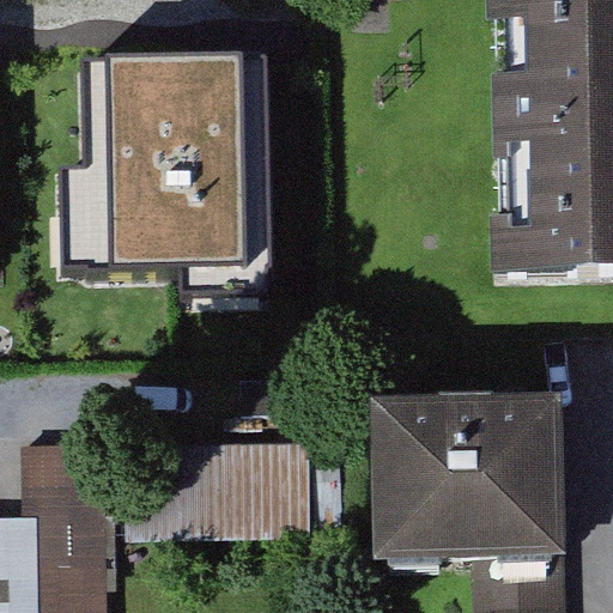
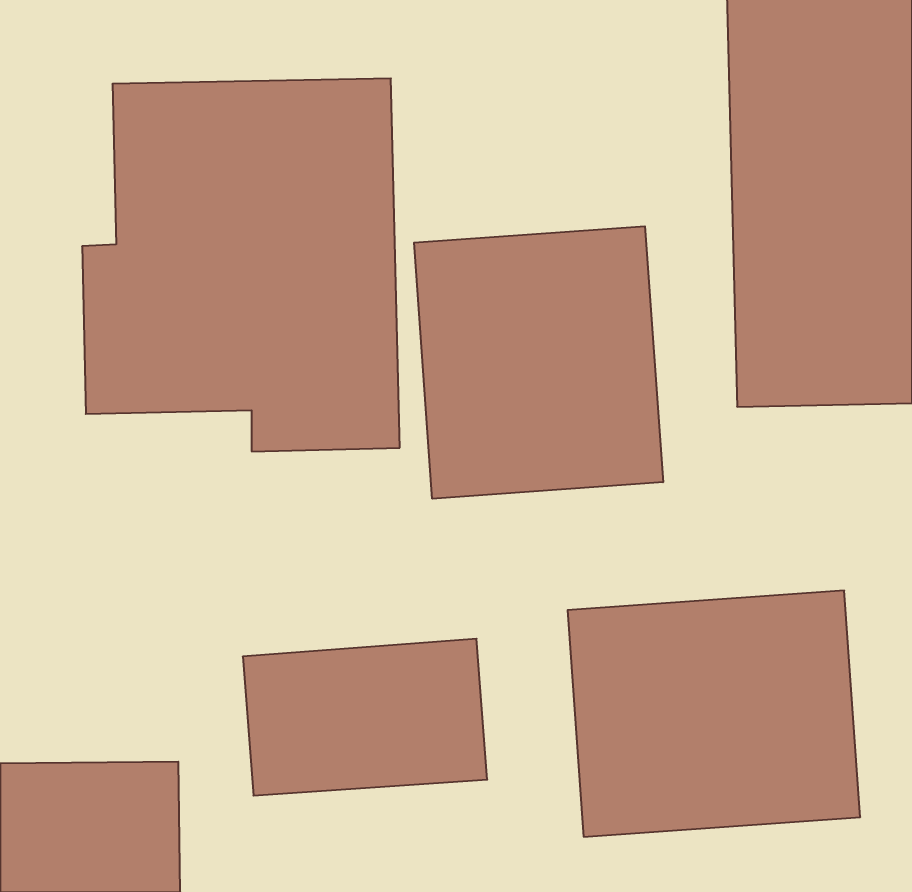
building: none -> [414,226,663,499]

